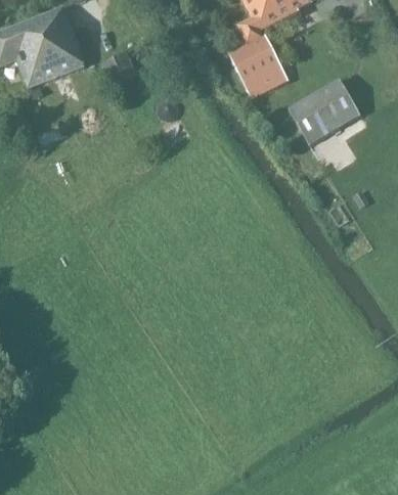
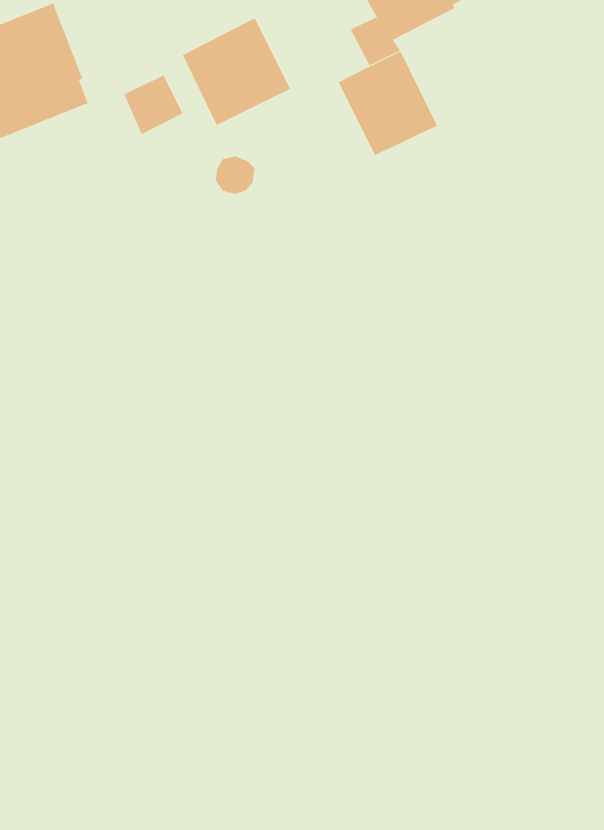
building: none -> [182,17,291,126]
building: [290,78,361,143] -> none

